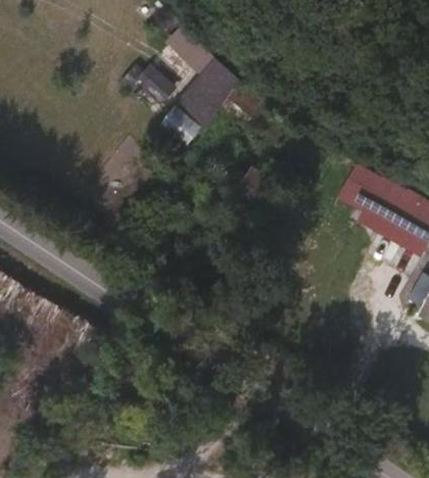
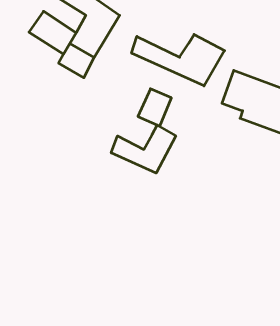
building: none -> [132,34,225,86]
building: none -> [111,125,176,173]

